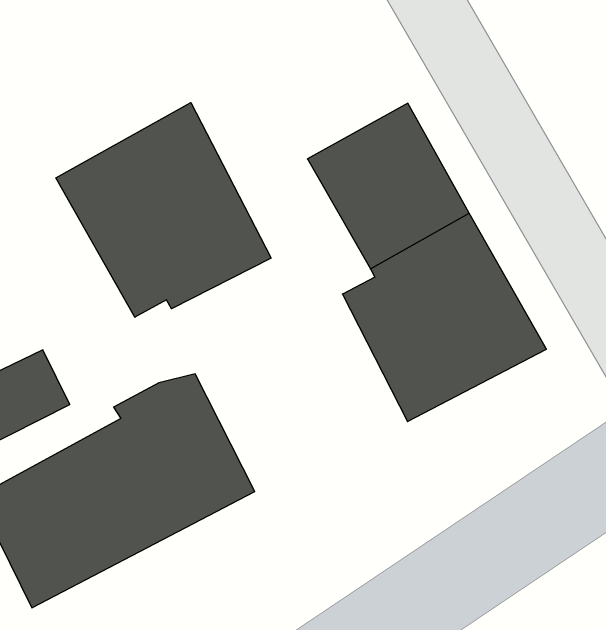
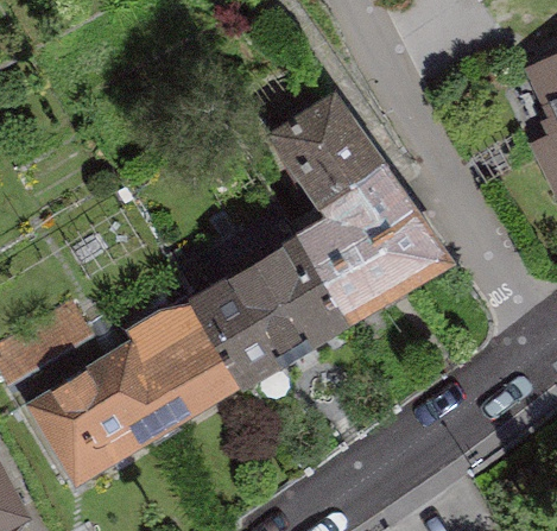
building: [56,103,271,317] -> none
building: none -> [186,235,349,394]

